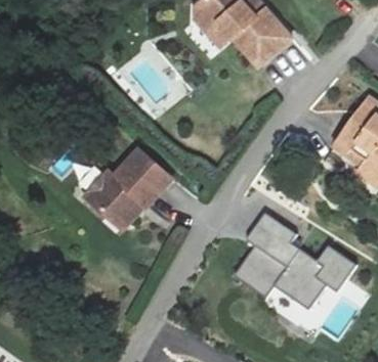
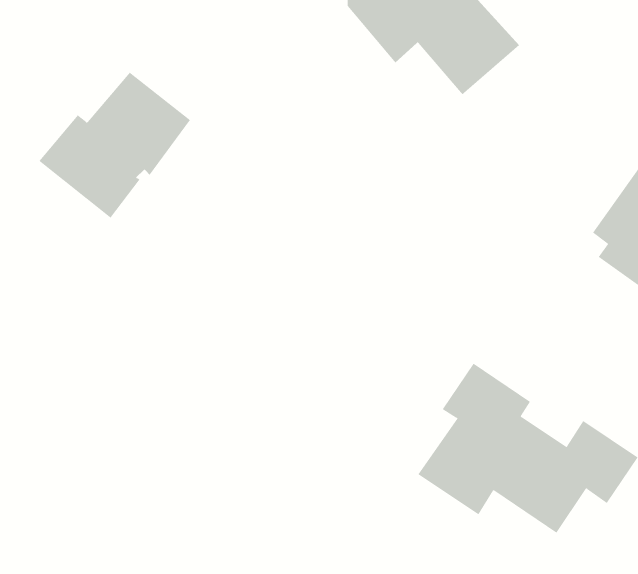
building: [85,150,169,231] -> [38,72,191,218]

